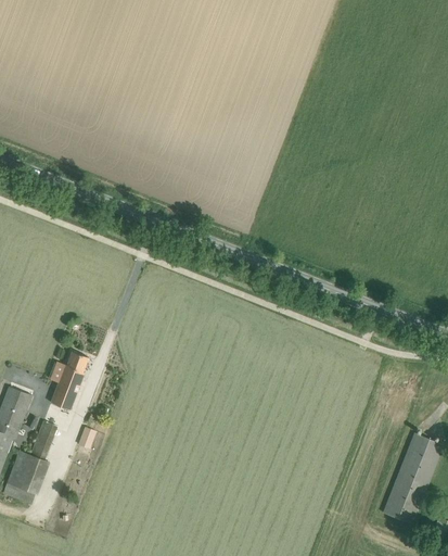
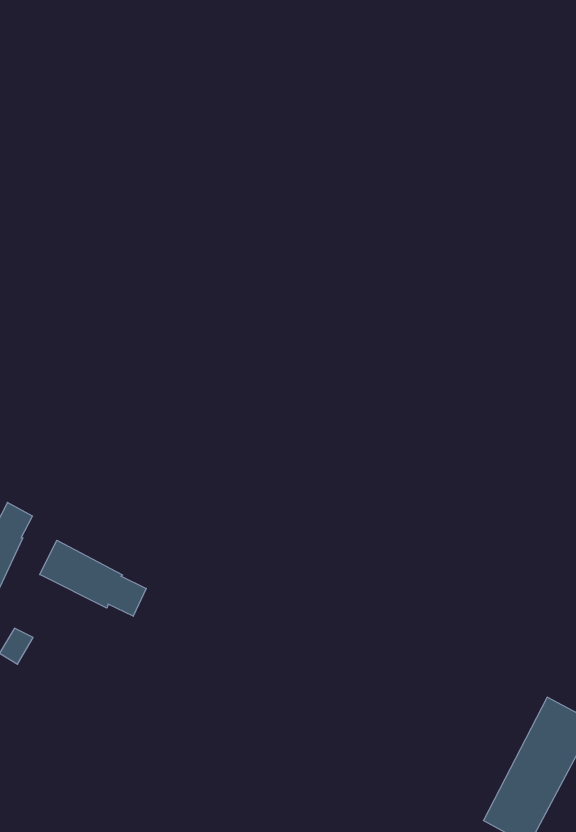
building: none -> [40,540,146,616]

